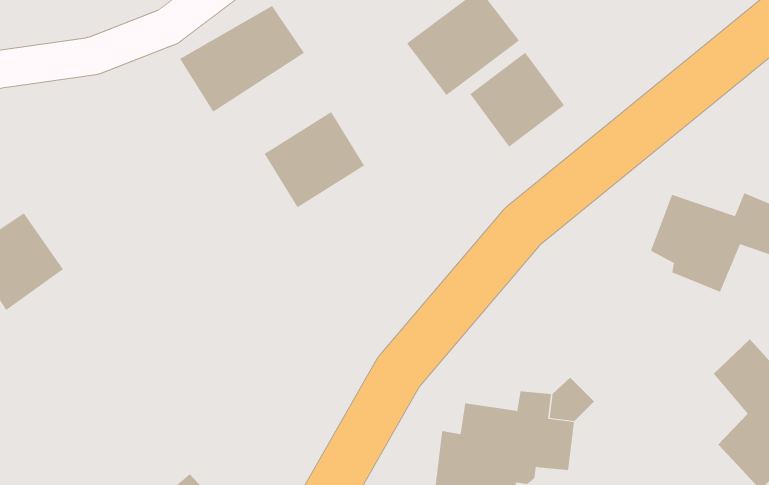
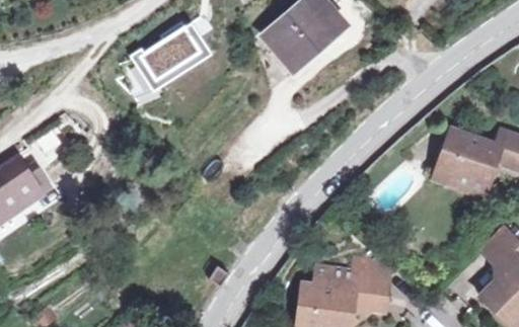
building: [469,52,565,148] -> none
building: [264,111,365,208] -> none

